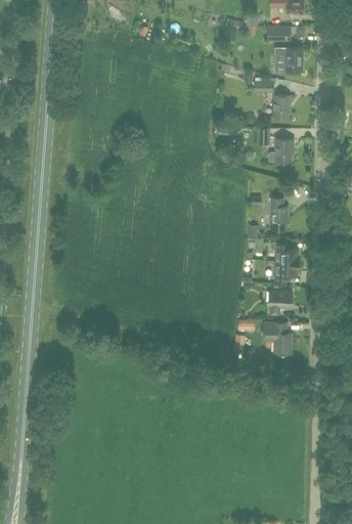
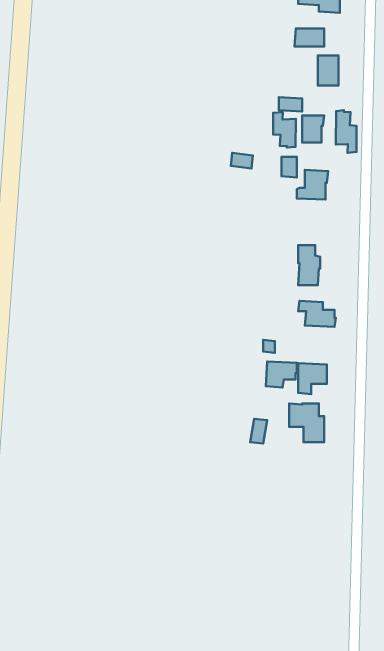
building: none -> [336,110,356,153]
building: none -> [273,112,296,147]
building: [273,262,298,282] -> [266,361,297,387]

